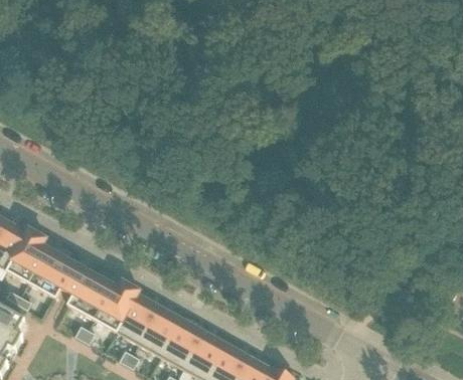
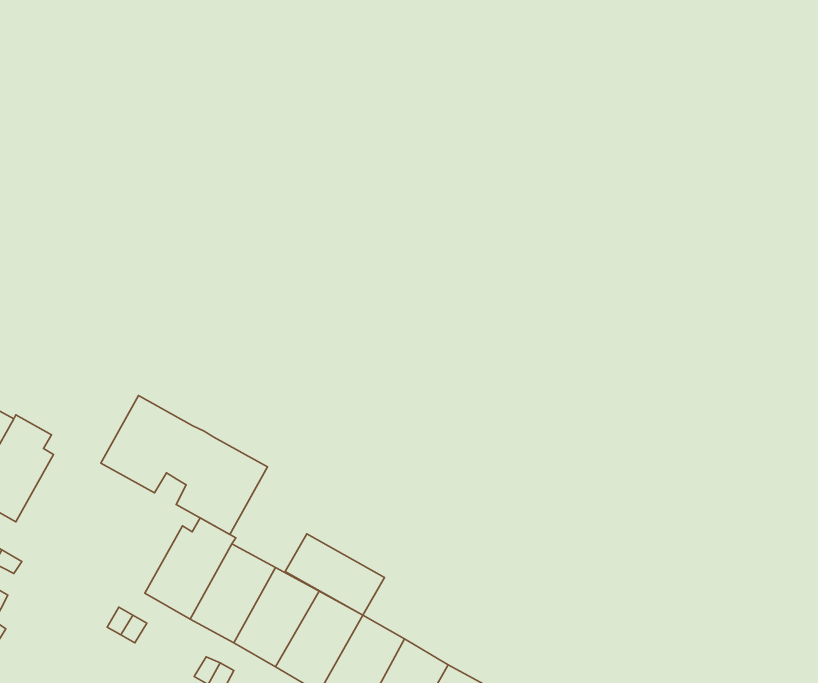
building: [21,242,106,313] -> [101,396,268,534]
building: none -> [285,534,384,615]

